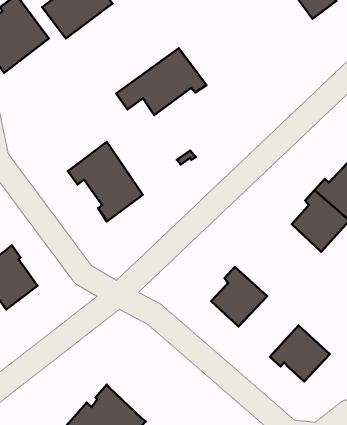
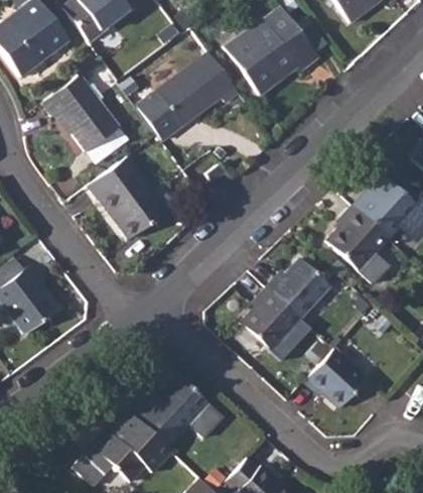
building: none -> [223,9,317,98]
building: none -> [41,78,119,153]
building: none -> [267,258,330,319]
building: none -> [133,374,209,449]

